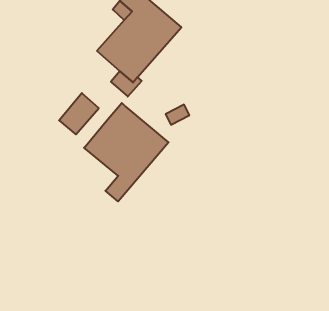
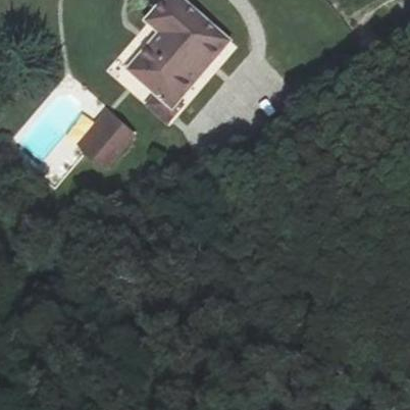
building: [84,103,169,201] -> none

